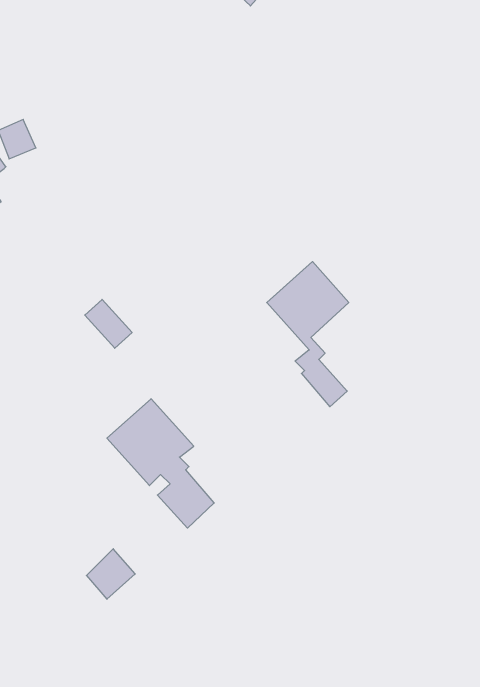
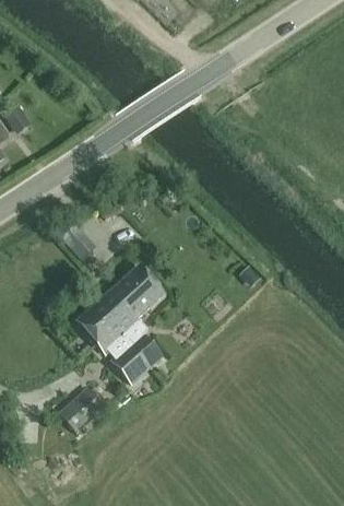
building: [267,262,349,407] -> [107,264,164,365]

